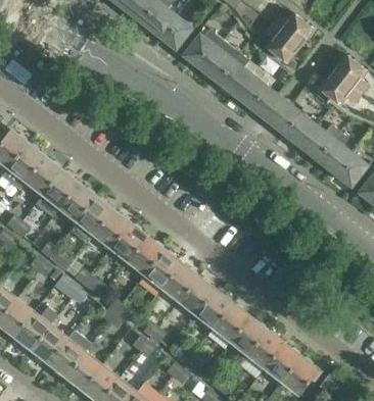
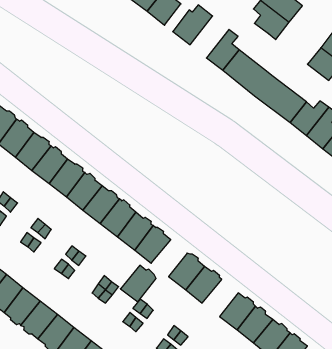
building: [200,41,239,83] -> none
building: [161,264,197,301] -> [120,265,156,302]
building: [213,304,248,341] -> none

